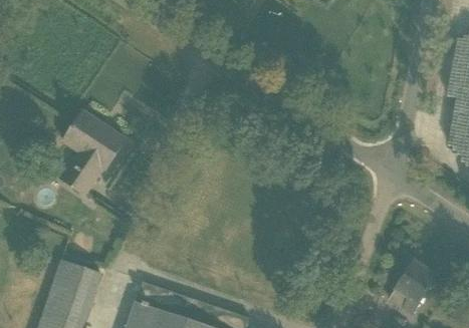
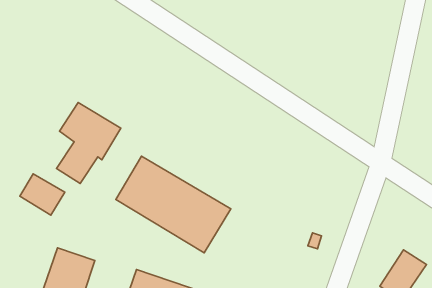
building: none -> [116,156,231,253]
building: none -> [20,174,65,215]

